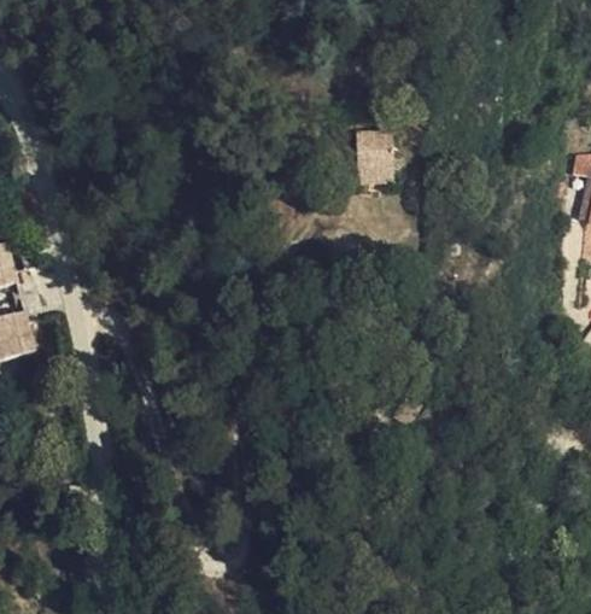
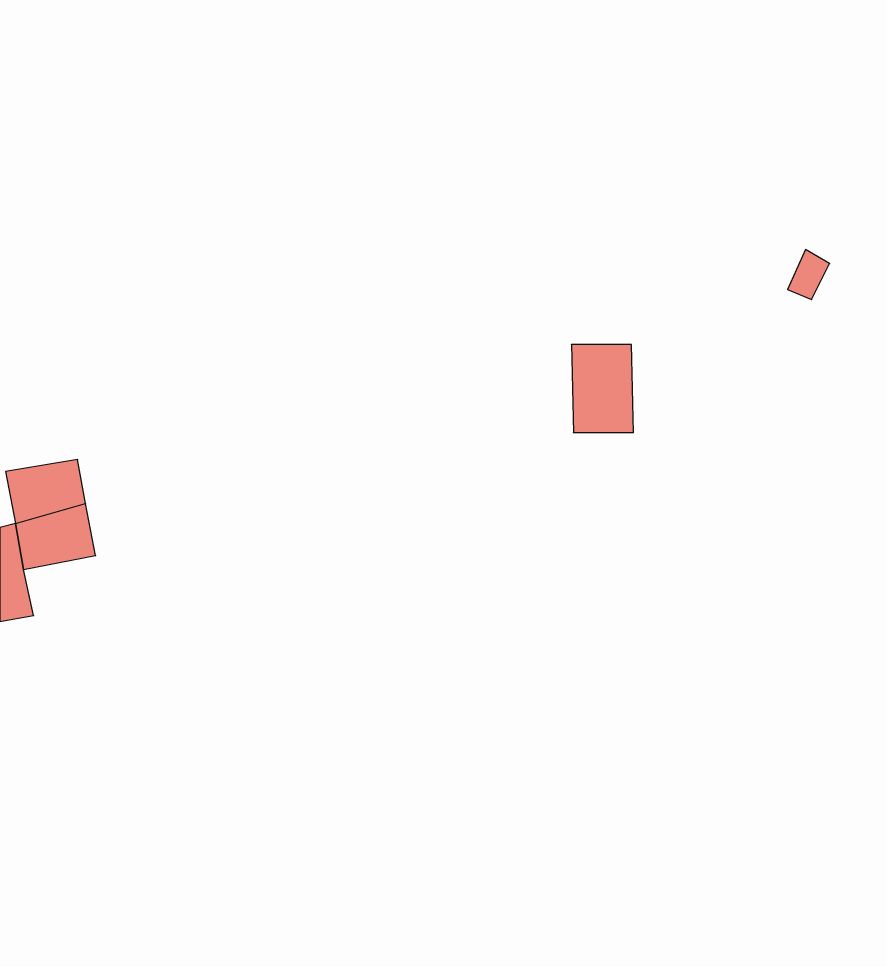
building: [357,131,394,185] -> [571,345,633,433]

